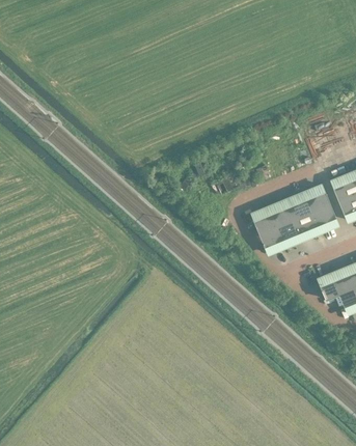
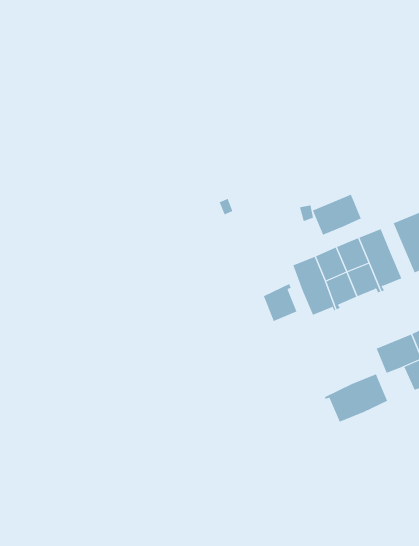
building: none -> [312,194,362,236]
building: none -> [263,283,297,322]
building: none -> [324,374,388,423]

